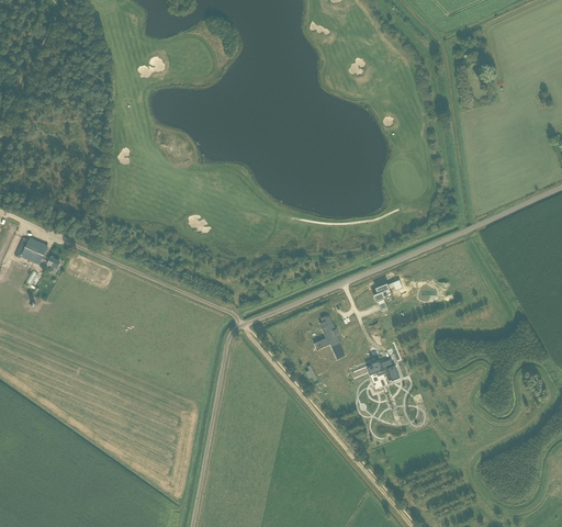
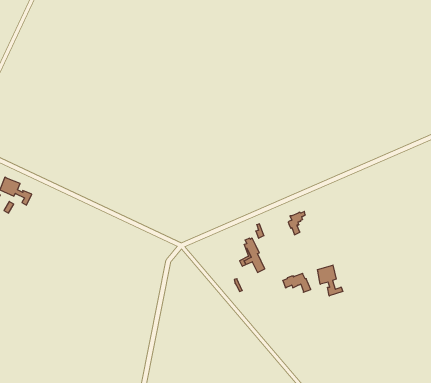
building: none -> [317,265,343,296]

